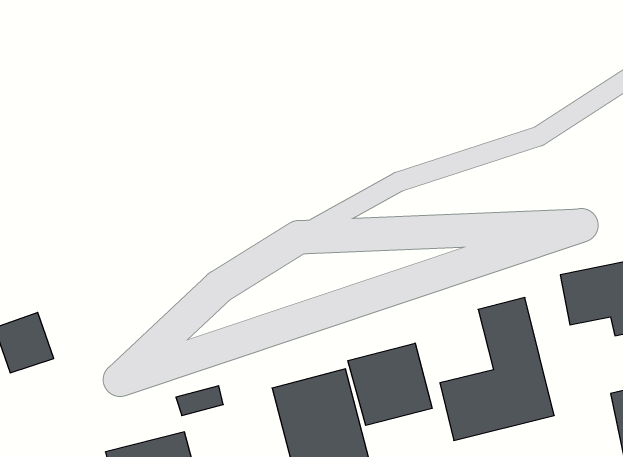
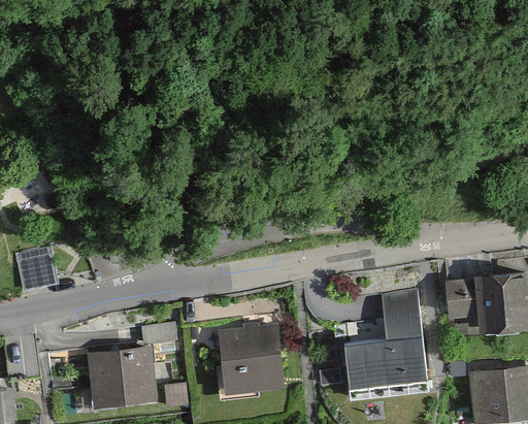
building: [348,343,432,425] -> none

